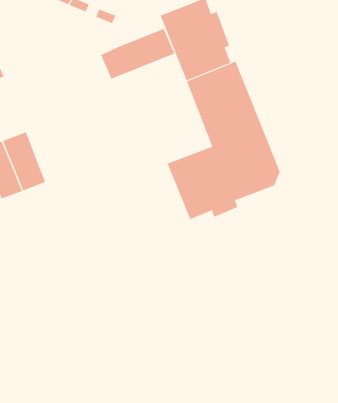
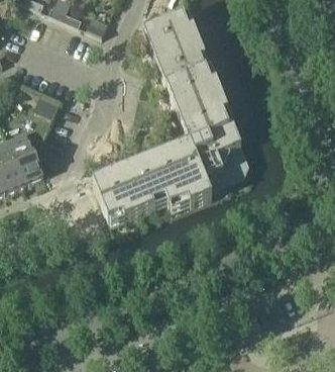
building: [101,28,175,79] -> none
building: none -> [93,160,165,222]

